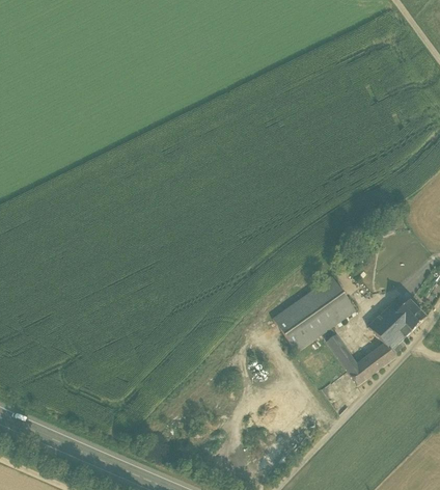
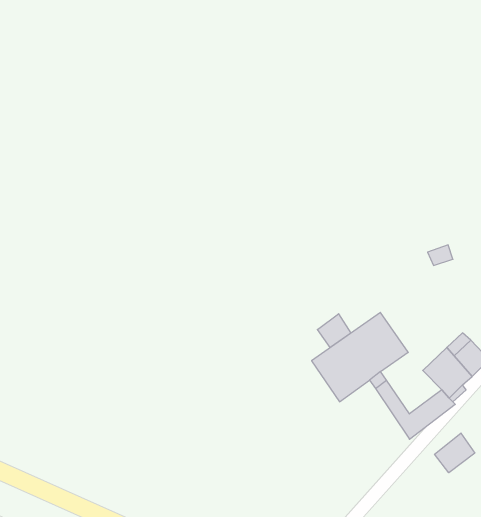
building: none -> [317,314,351,348]
building: none -> [435,433,475,473]

